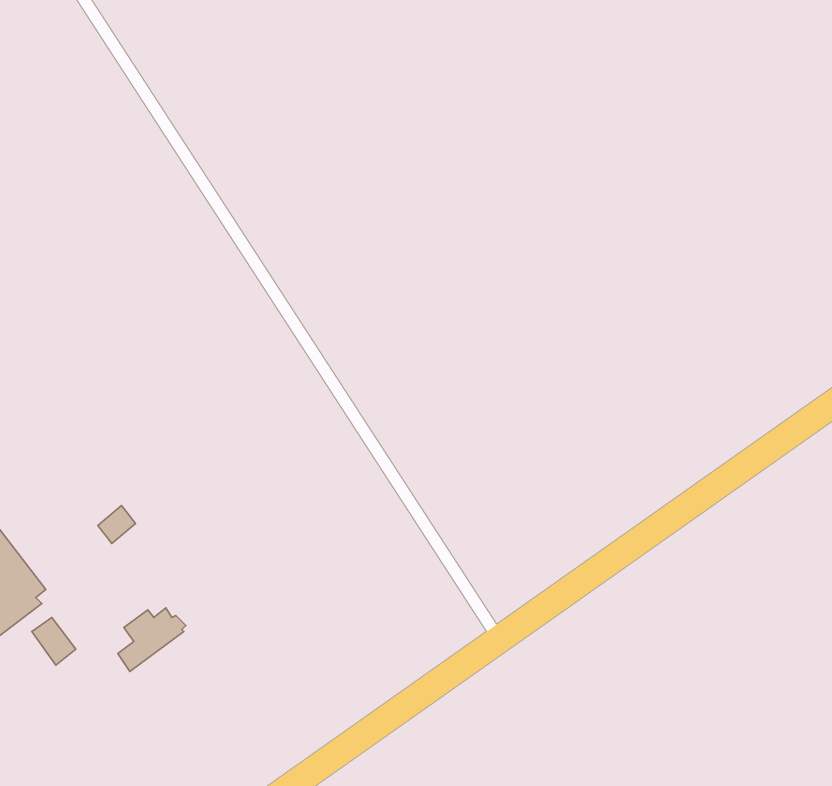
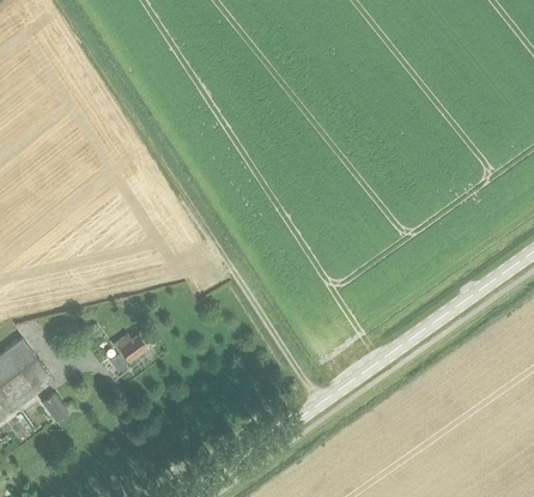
building: [118,608,186,672] -> [110,333,151,371]

